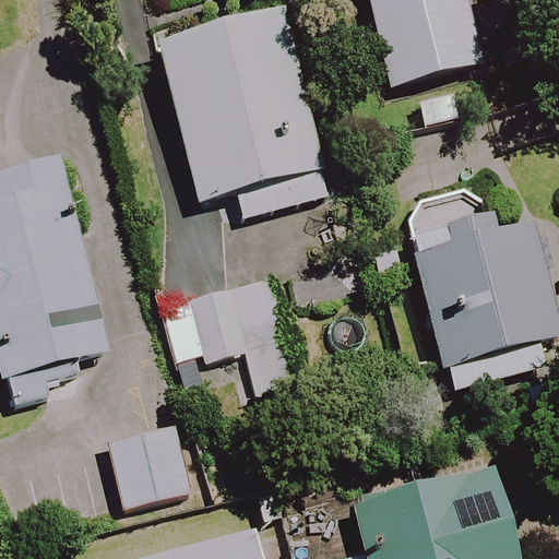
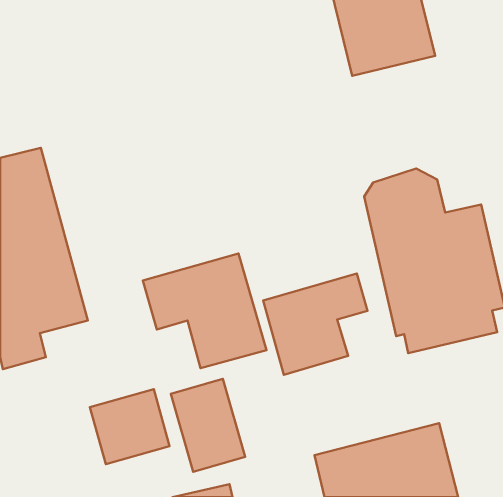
building: [155,9,334,210] -> none
building: none -> [263,274,367,375]
building: none -> [171,379,245,472]

